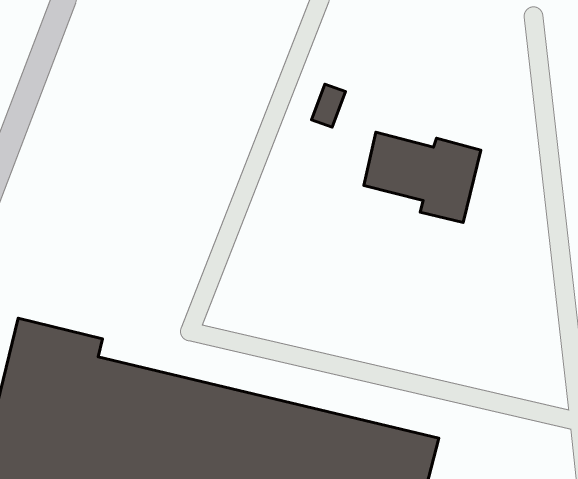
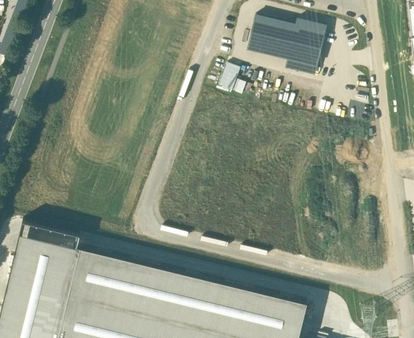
building: [364,132,481,223] -> [248,17,327,78]

